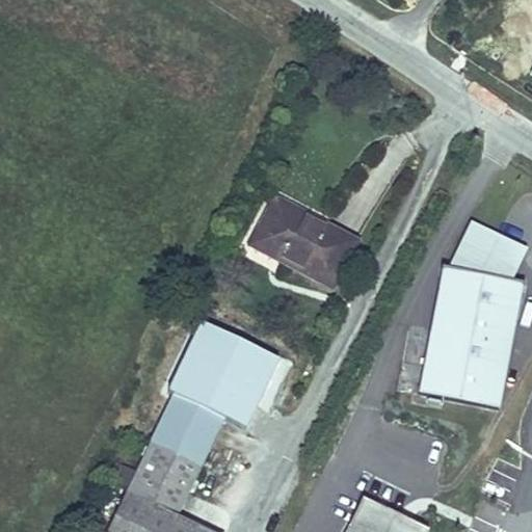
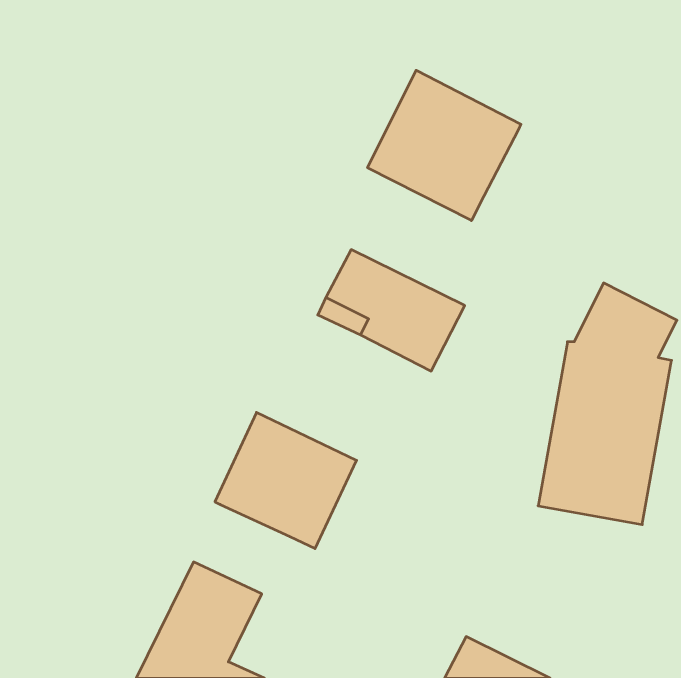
building: none -> [368,70,521,221]
building: [152,393,227,462] -> none

